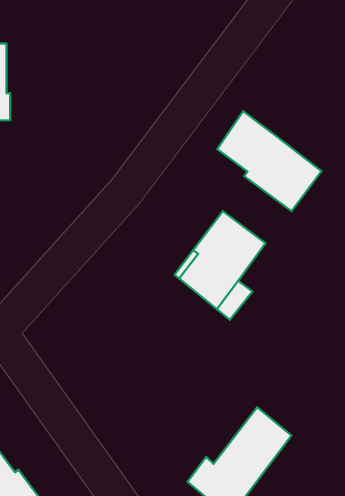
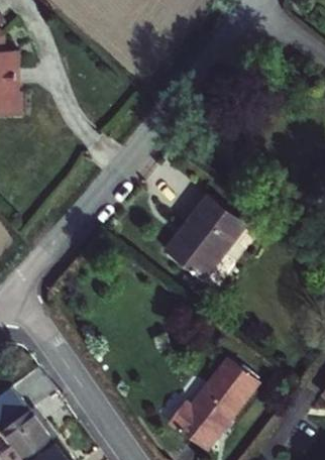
building: [217,111,322,211] -> none

